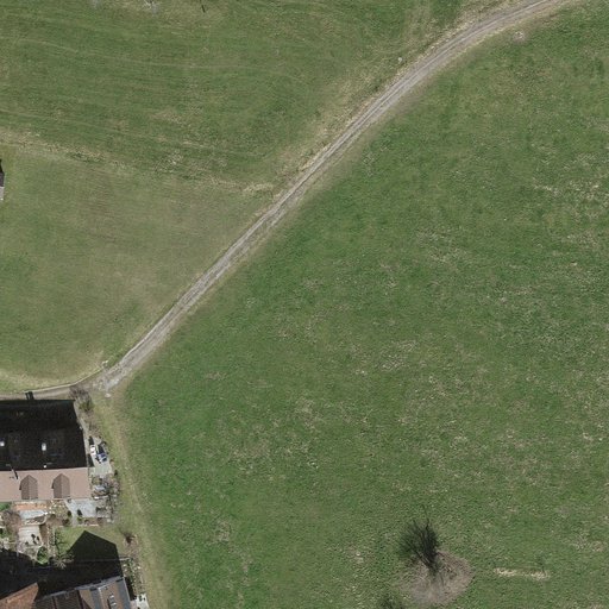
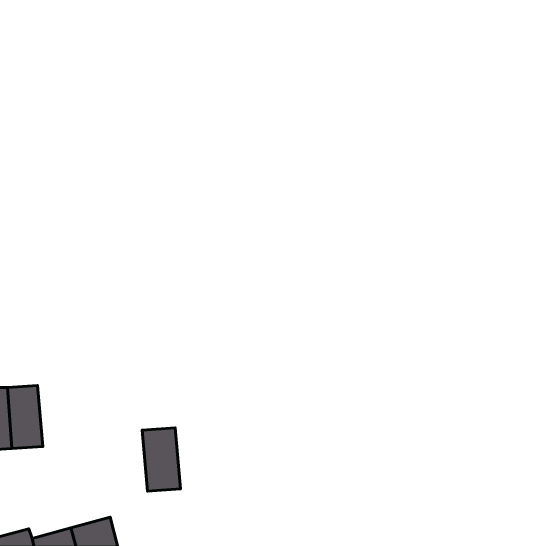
building: [42,427,84,497] -> [142,428,181,491]

